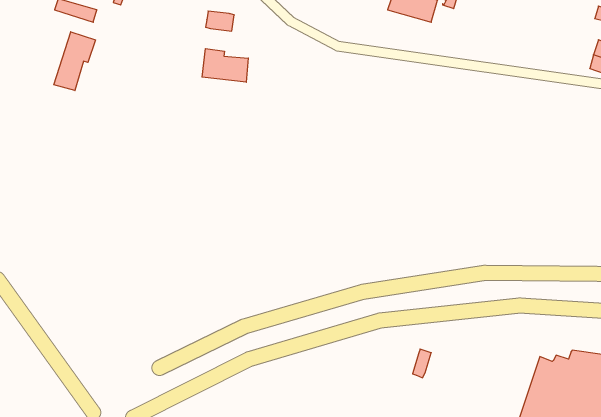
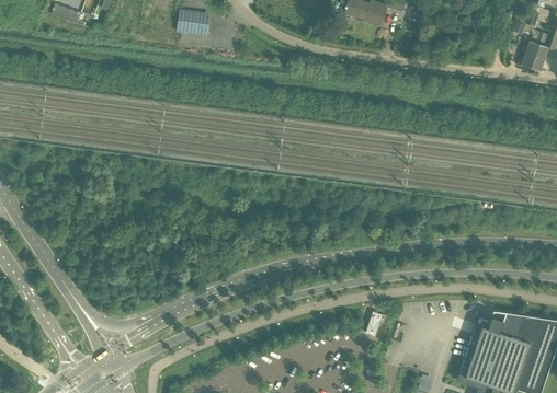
building: [54,32,96,91] -> none
building: [202,49,248,82] -> none

